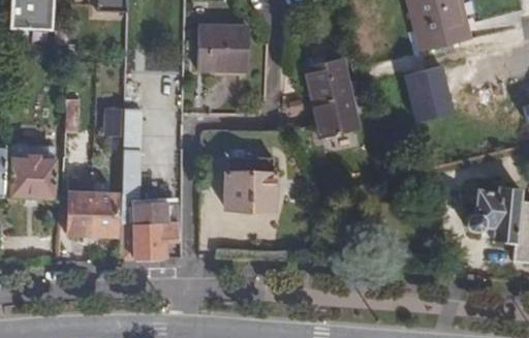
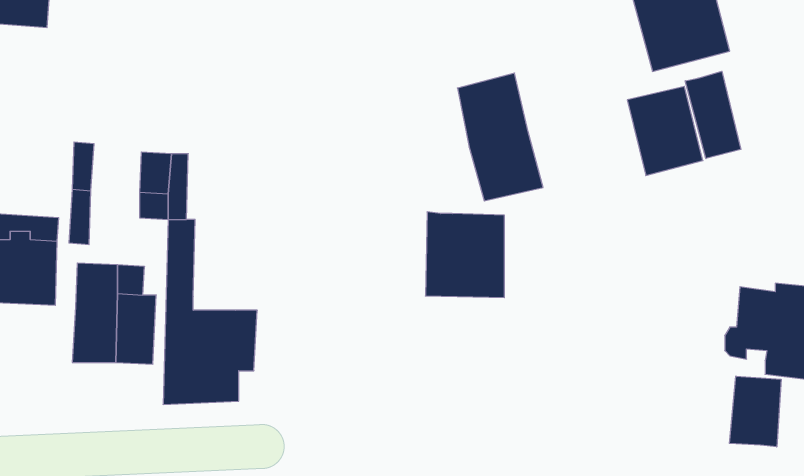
building: [198,28,250,72] -> none
building: none -> [685,71,741,159]
building: [227,157,276,210] -> [425,212,504,298]
building: none -> [729,376,781,447]

